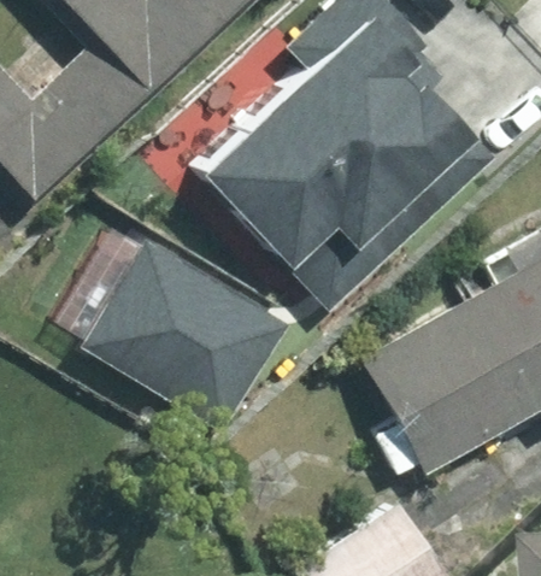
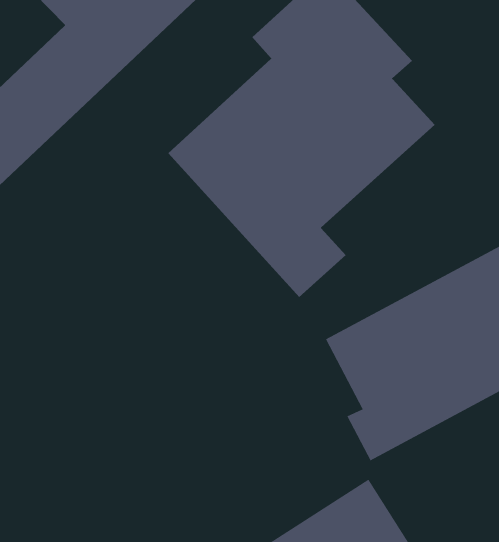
building: [81,242,289,431] -> none

